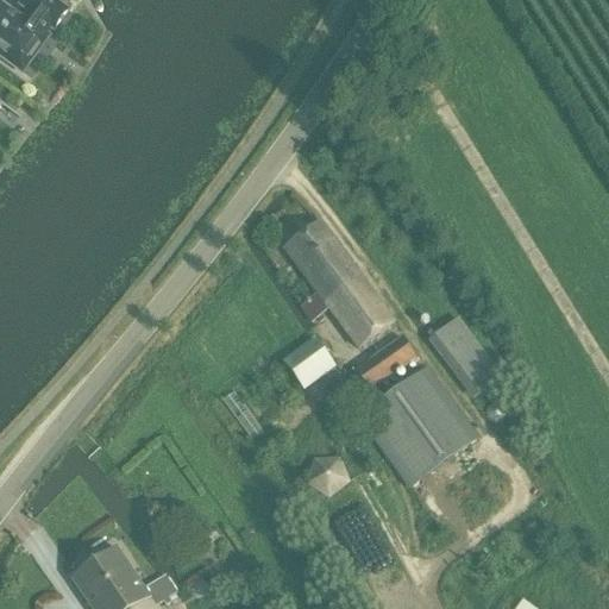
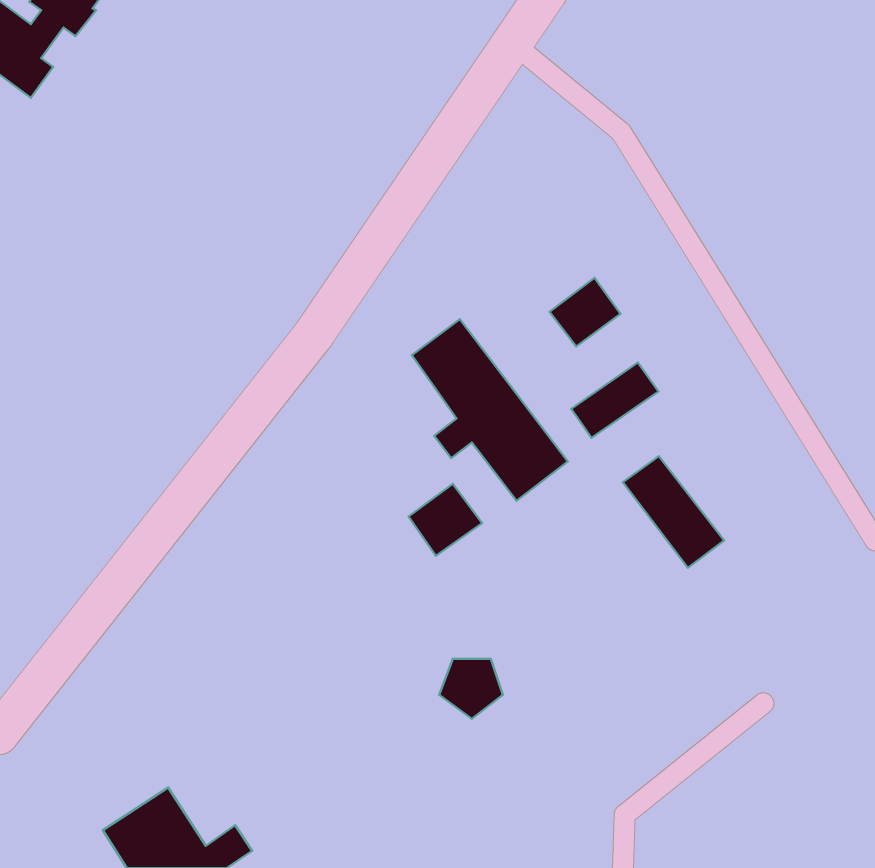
building: none -> [550,278,620,346]
building: [354,334,415,387] -> [571,362,659,438]
building: [357,363,481,486] -> none

